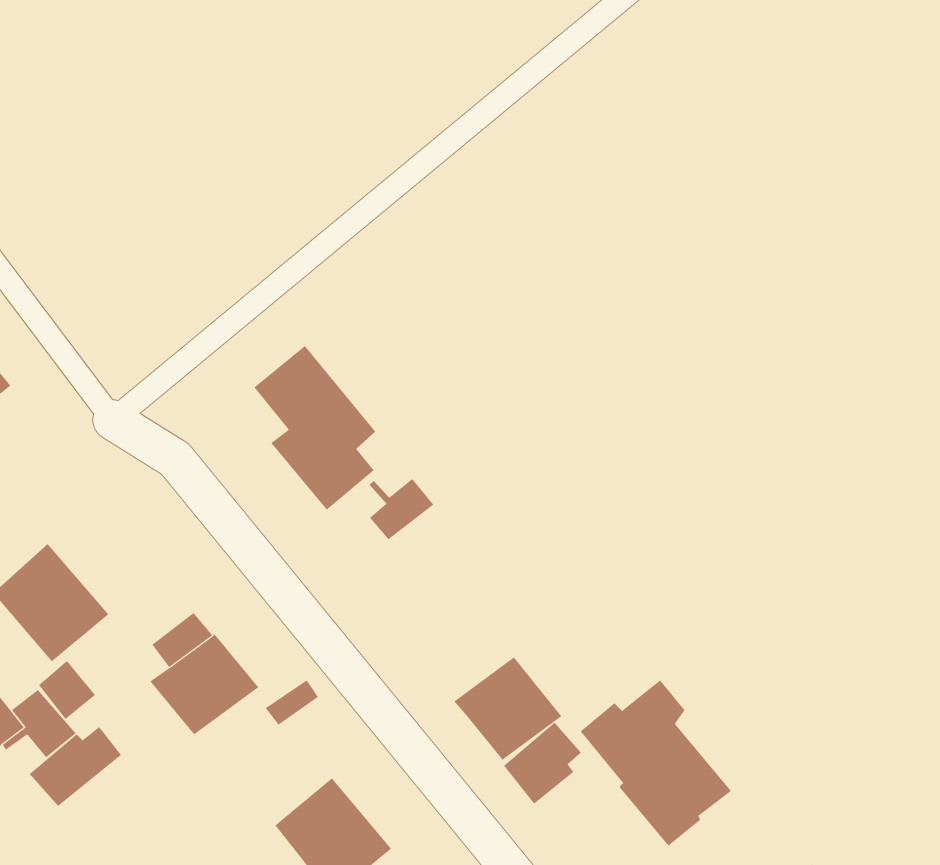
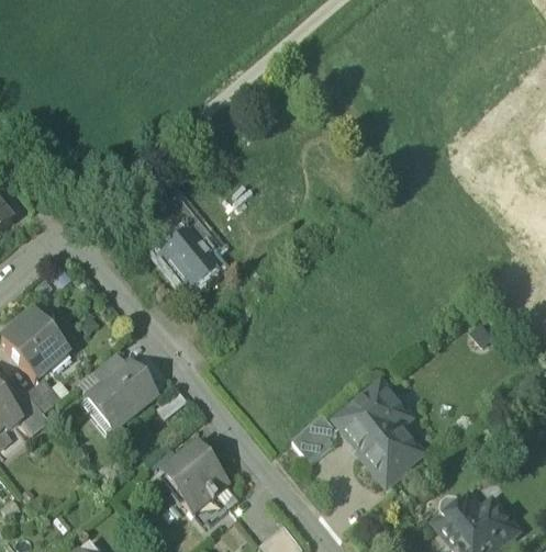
building: [369,478,434,540] -> none
building: [453,657,562,761] -> none
building: [29,726,122,807] -> none

